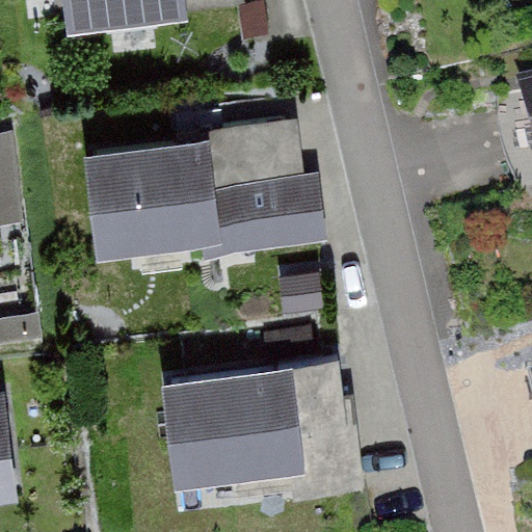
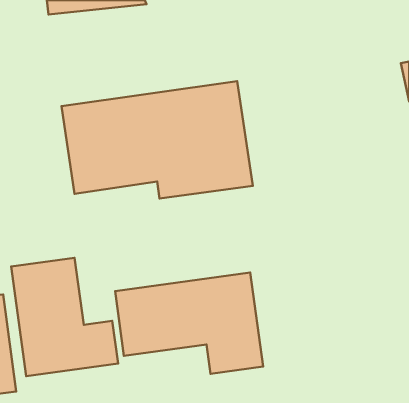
building: none -> [11,258,118,376]

